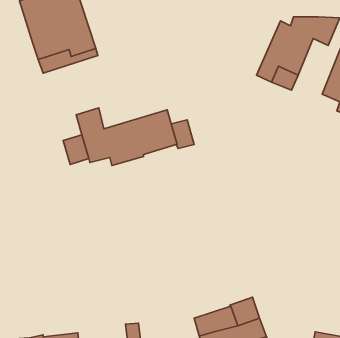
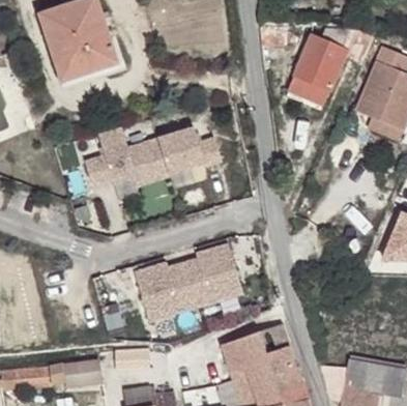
building: none -> [134,244,242,321]

